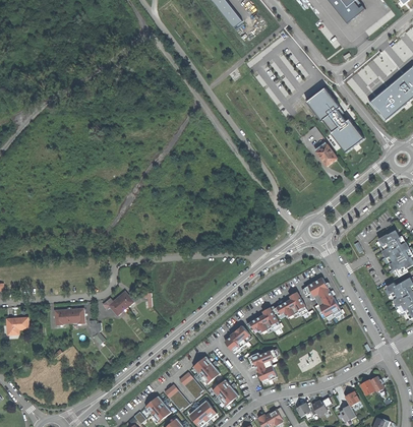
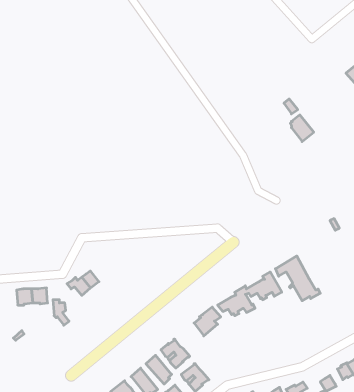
building: [308,88,364,152] -> none
building: [247,349,277,382] -> none

